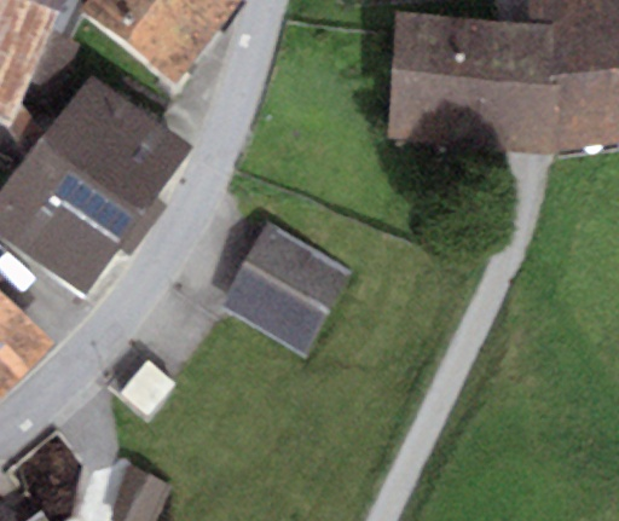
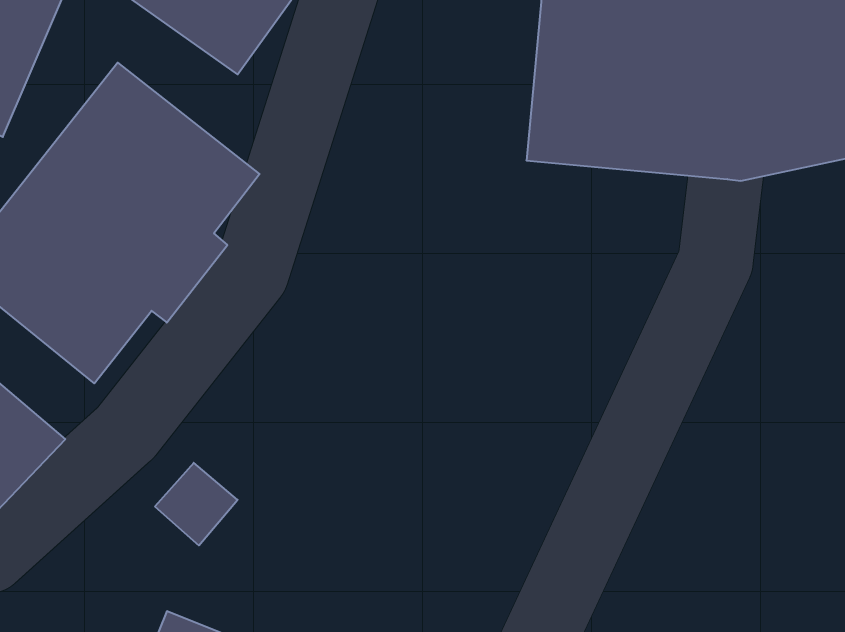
building: [224,224,352,351] -> none

